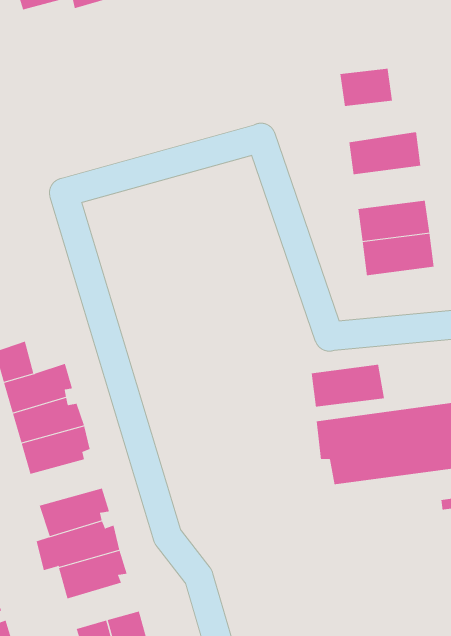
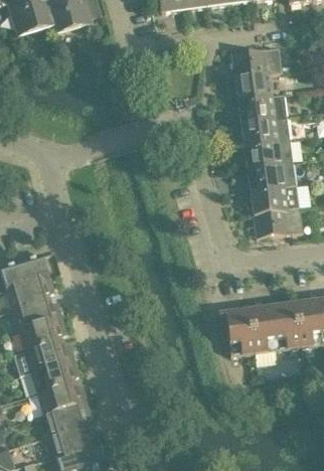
building: none -> [231,47,281,77]
building: none -> [237,95,286,124]
building: none -> [244,140,293,169]
building: none -> [21,253,48,281]
building: [311,364,385,407] -> [253,208,303,238]
building: none -> [11,339,73,374]
building: none -> [49,423,99,454]

